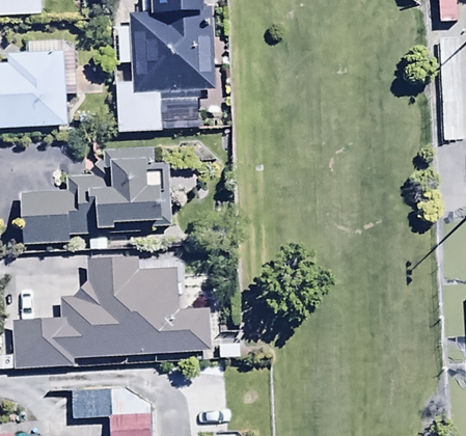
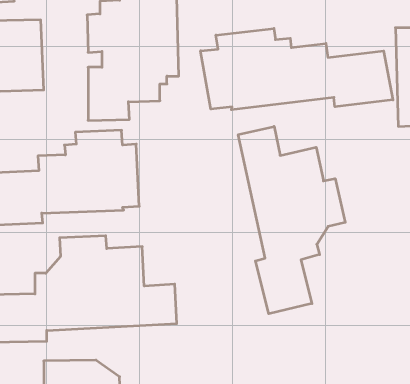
building: none -> [201,28,393,110]
building: none -> [238,126,345,314]

